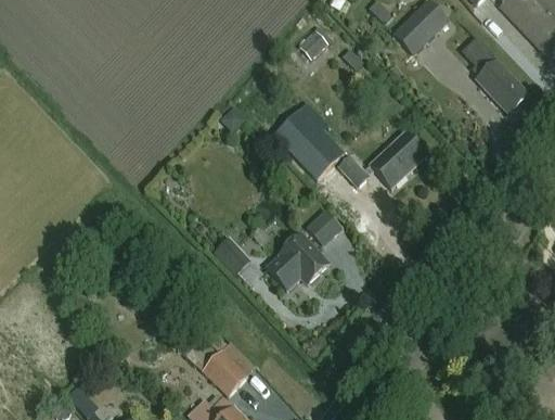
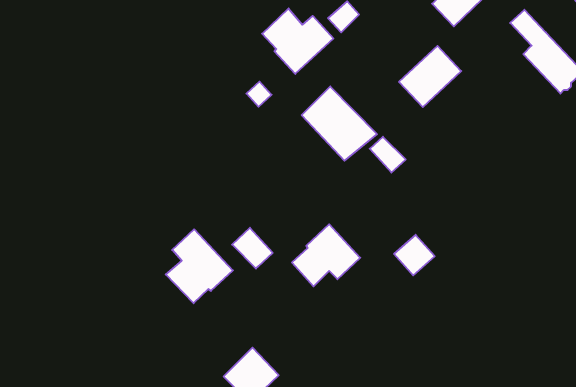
building: none -> [262,8,333,74]
building: [369,131,425,187] -> [399,46,461,107]
building: [305,208,341,245] -> [394,235,435,275]
building: none -> [166,229,233,303]

